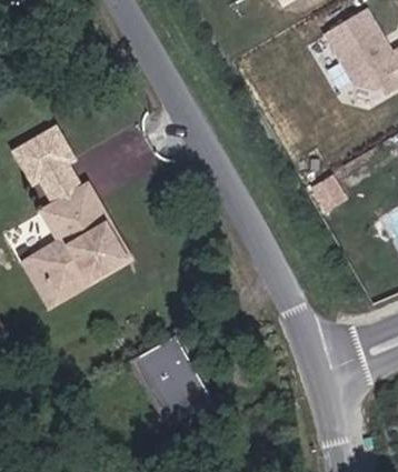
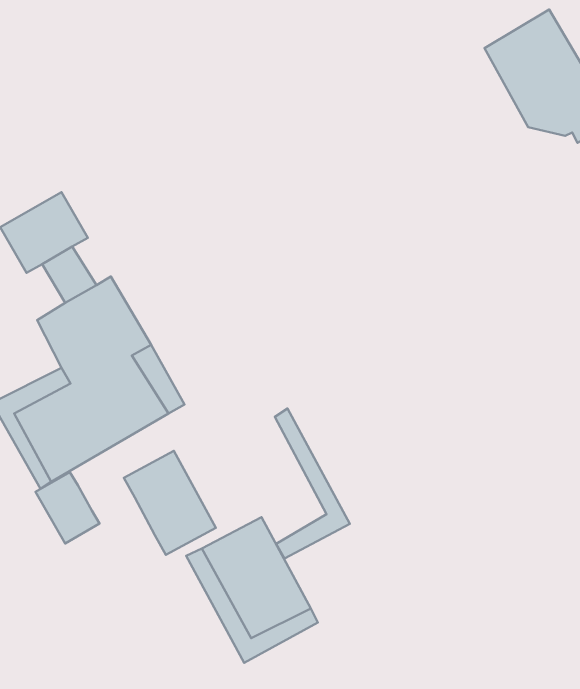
building: none -> [275,408,350,559]
building: none -> [124,451,216,555]
building: none -> [35,472,100,543]

